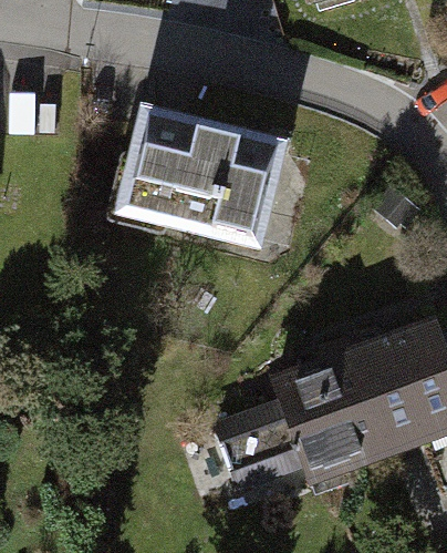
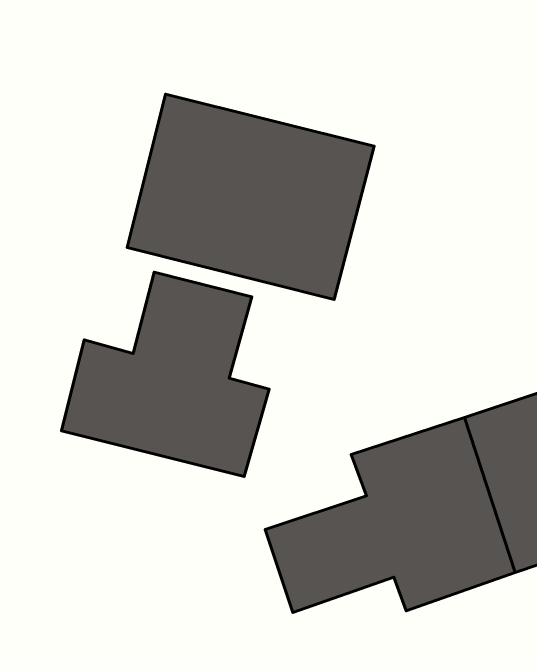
building: none -> [62,272,269,477]

